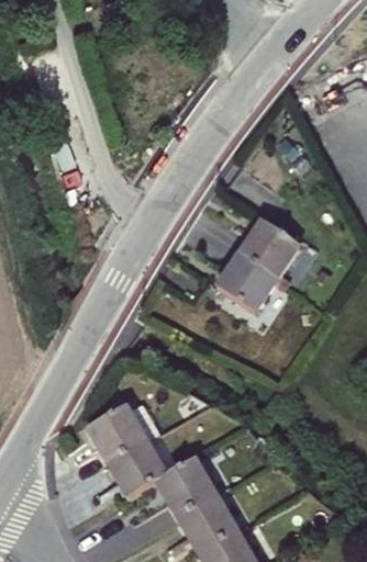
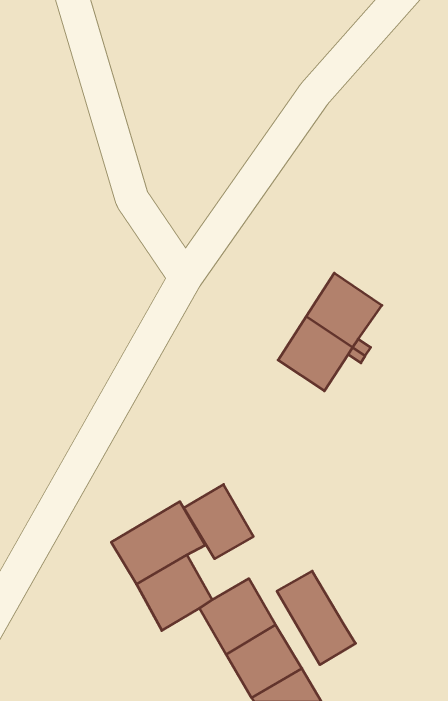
building: none -> [184,484,253,559]
building: none -> [277,571,356,665]

